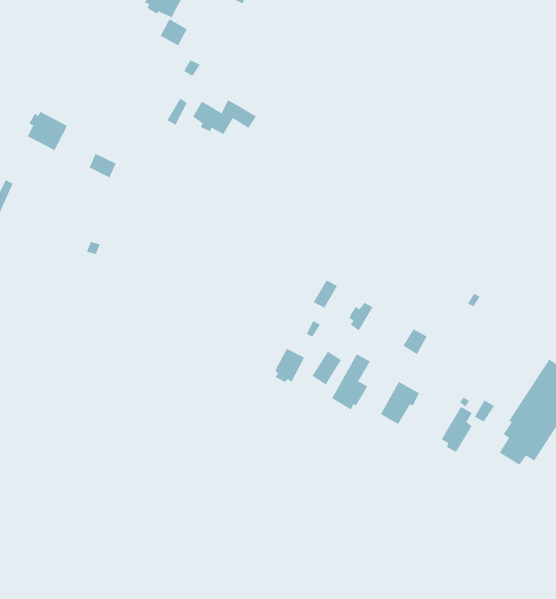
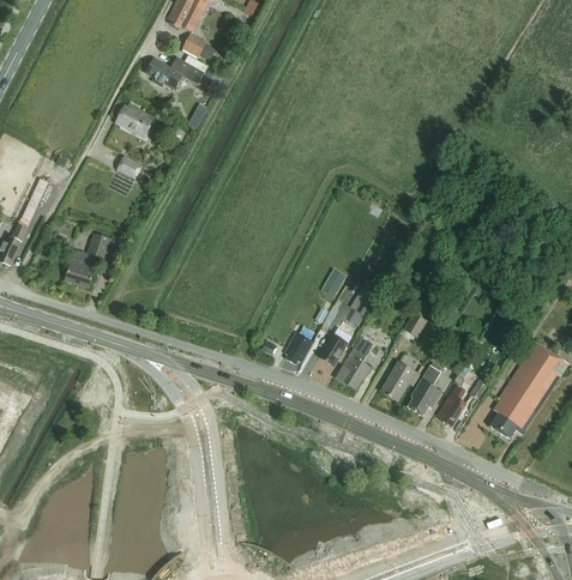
building: [192,99,257,135] -> [145,55,204,87]
building: [27,111,68,151] -> [118,103,155,139]
building: none -> [64,230,110,285]
building: none -> [408,360,440,415]

